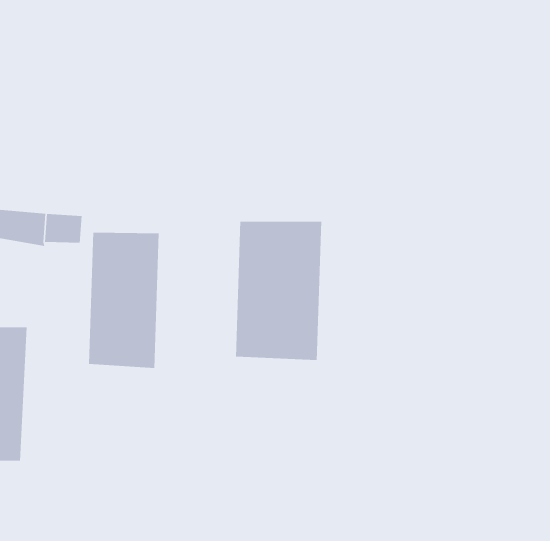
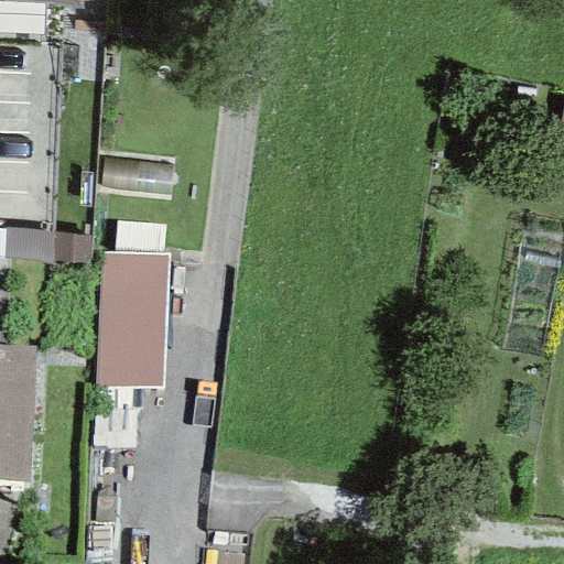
building: [236,221,322,361] -> none

